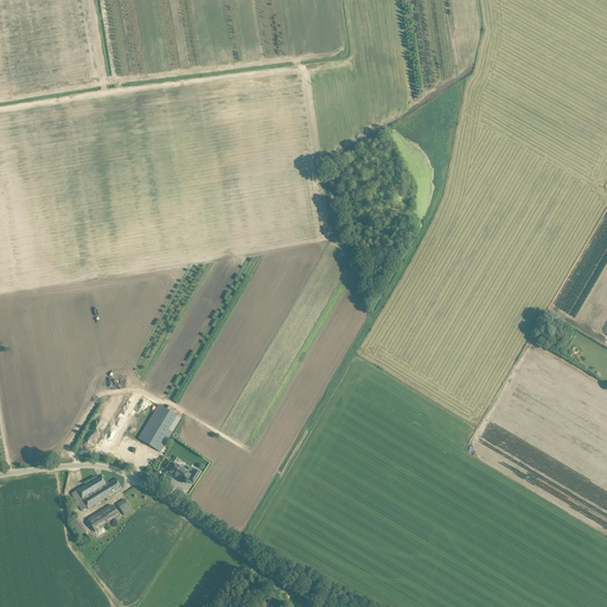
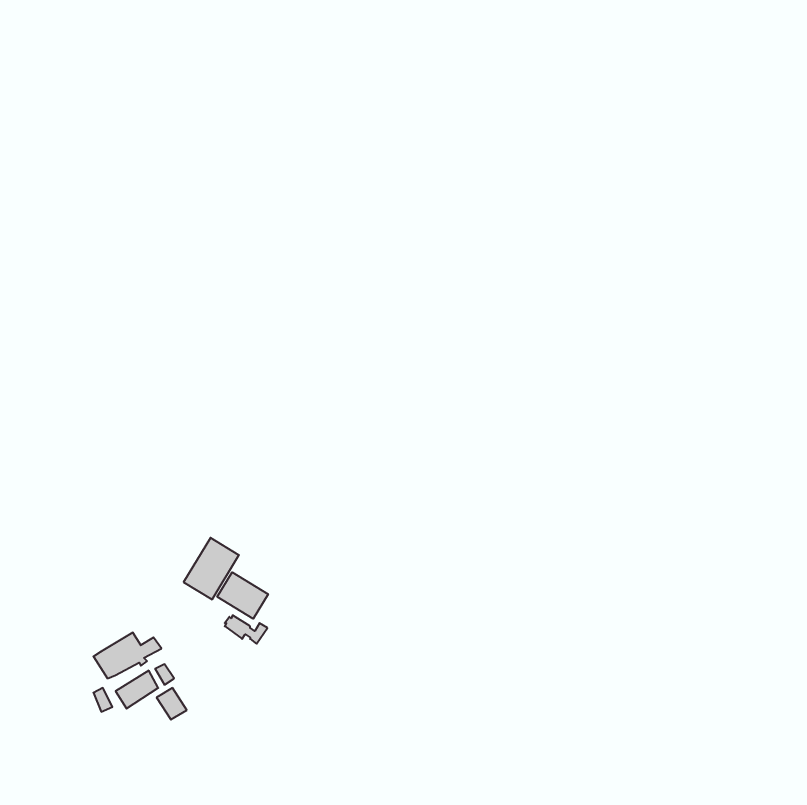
building: none -> [217,572,268,619]

